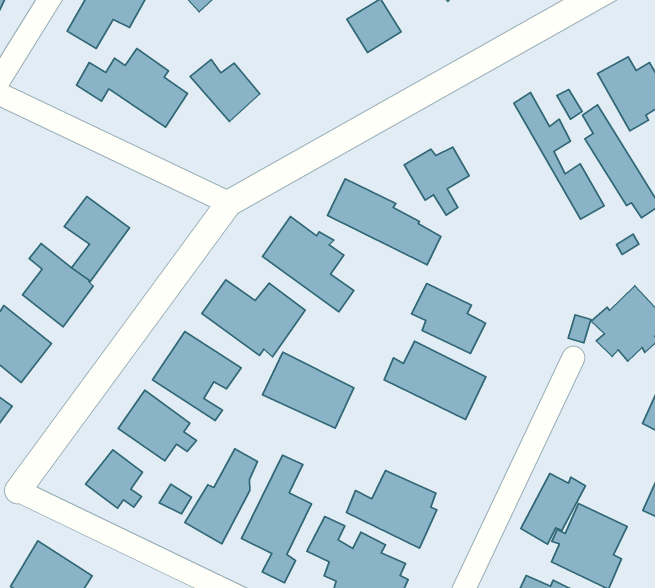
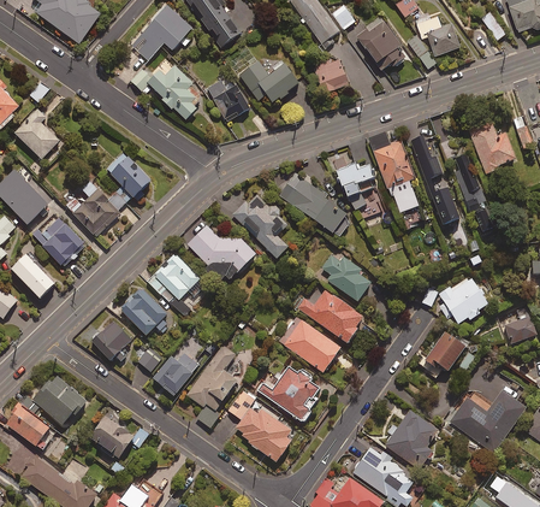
building: none -> [238,59,298,102]
building: none -> [373,140,417,212]
building: [262,352,354,428] -> [279,316,339,371]
building: [521,473,585,544] -> [420,331,467,377]

